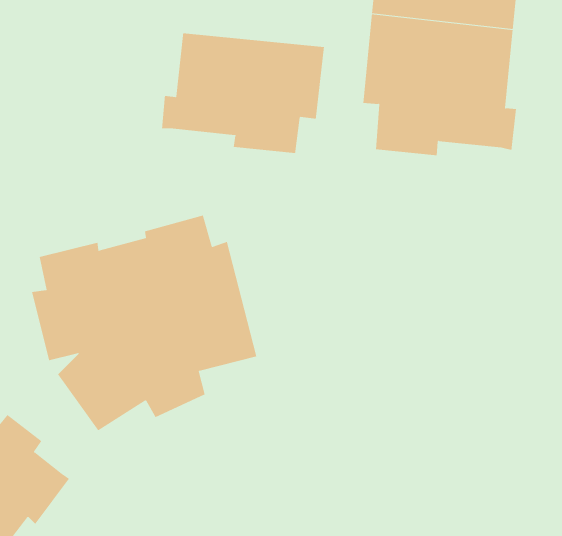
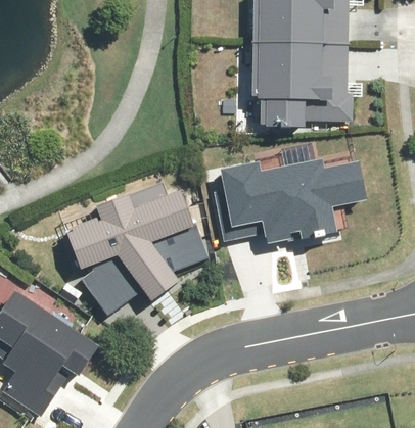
building: [162,33,325,154] -> none
building: none -> [224,156,368,240]

